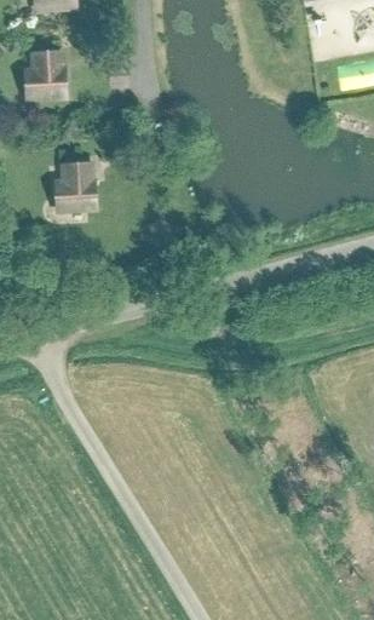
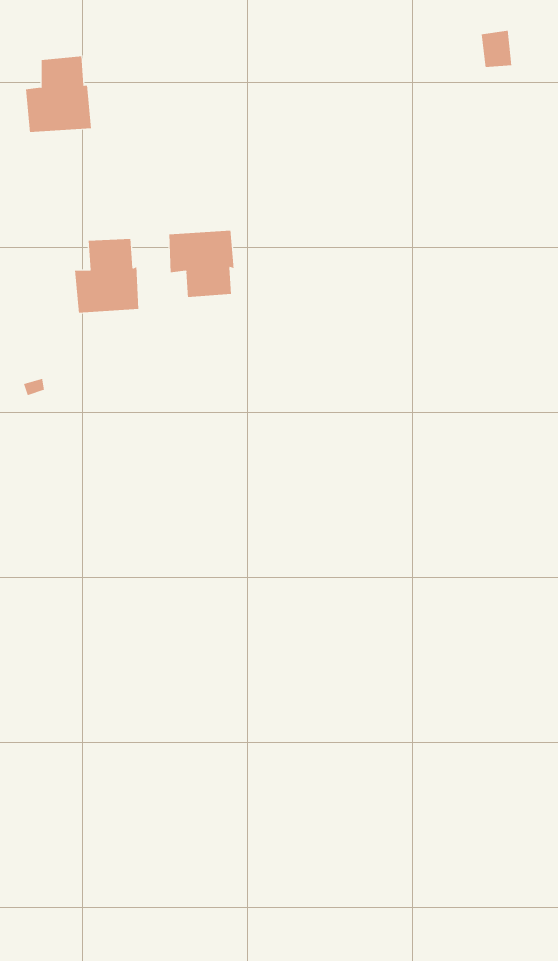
building: none -> [169,230,234,298]

